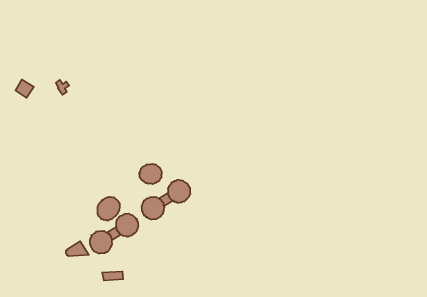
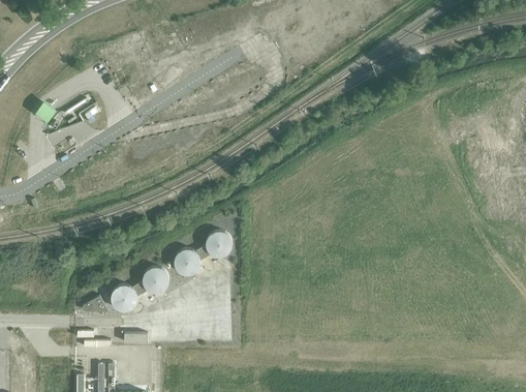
building: [139,164,162,184] -> none
building: [97,197,120,221] -> none

